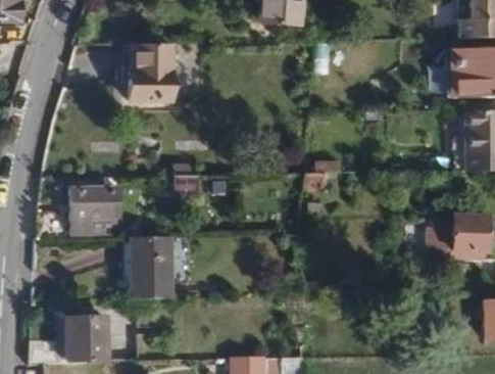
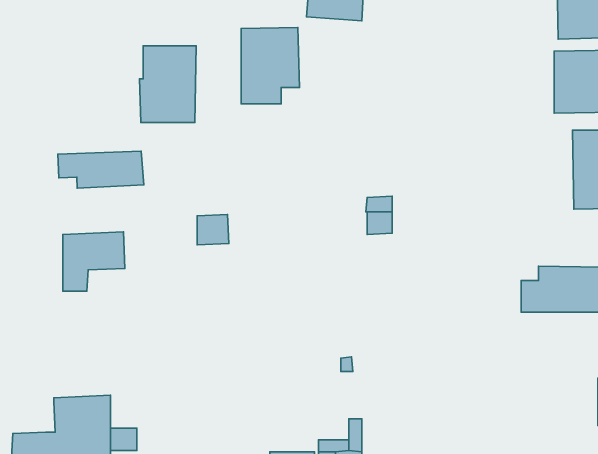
building: none -> [241,27,300,104]
building: none -> [58,151,144,188]
building: [131,237,174,298] -> none

